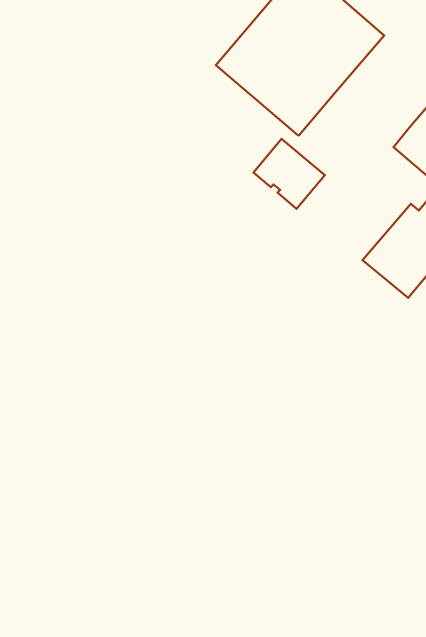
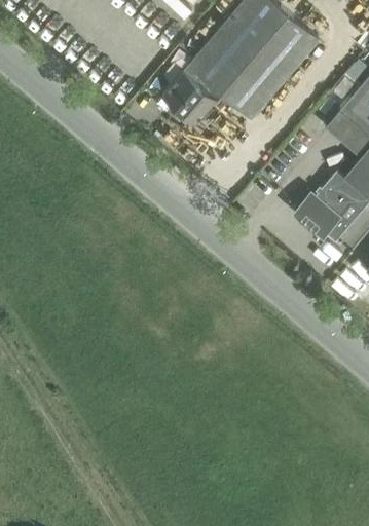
building: [253,139,325,209] -> [162,71,217,124]

